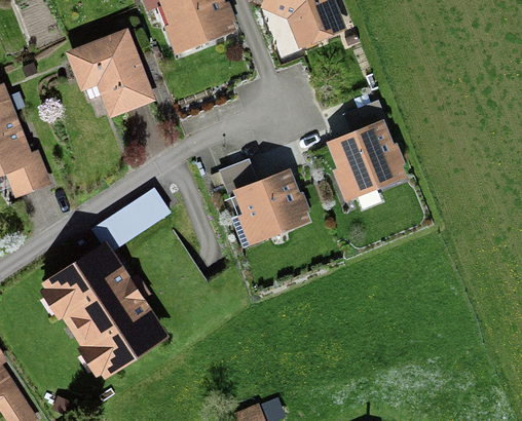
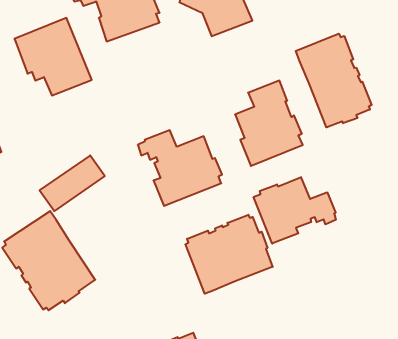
building: none -> [296,34,372,127]
building: none -> [254,177,336,244]
building: none -> [185,215,273,294]

